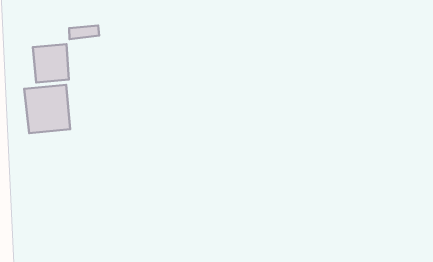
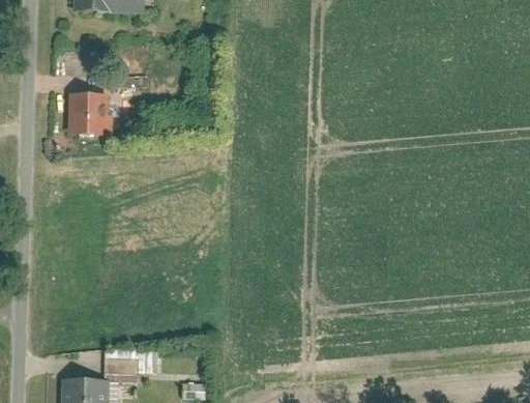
building: [24,85,70,133] -> none

